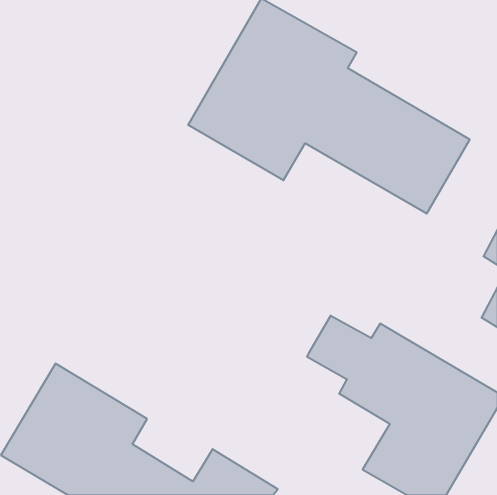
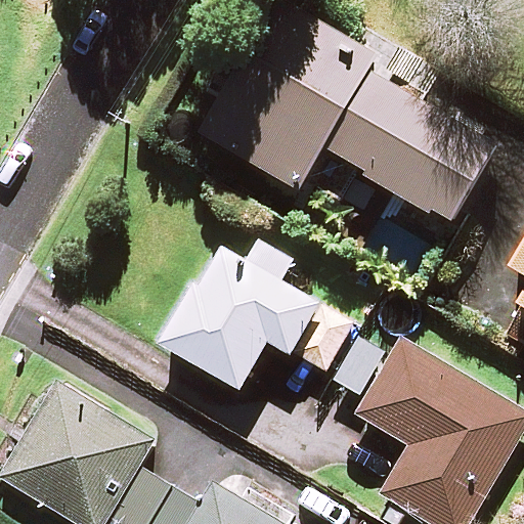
building: none -> [156,242,352,389]

